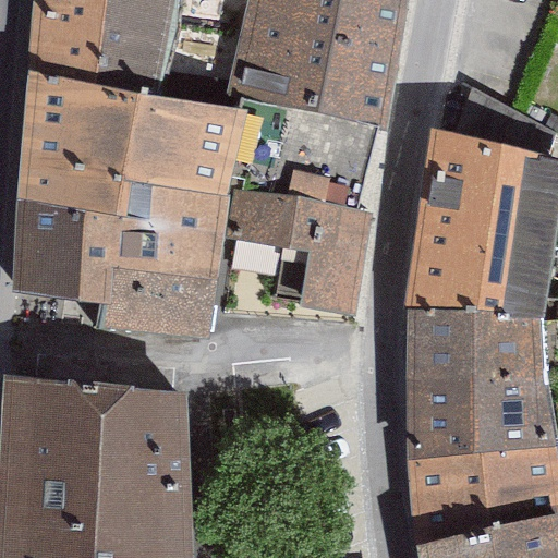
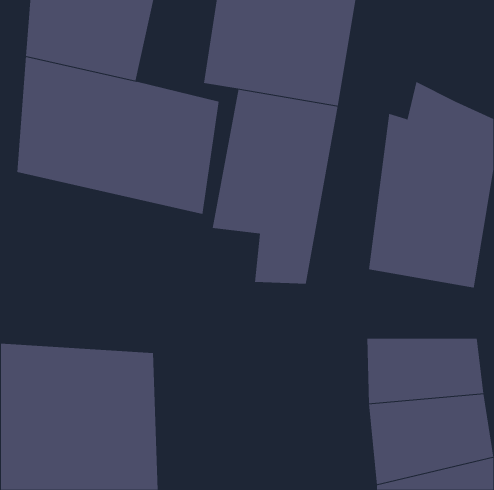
building: [13,194,229,333] -> none
building: [413,304,538,381] -> none

